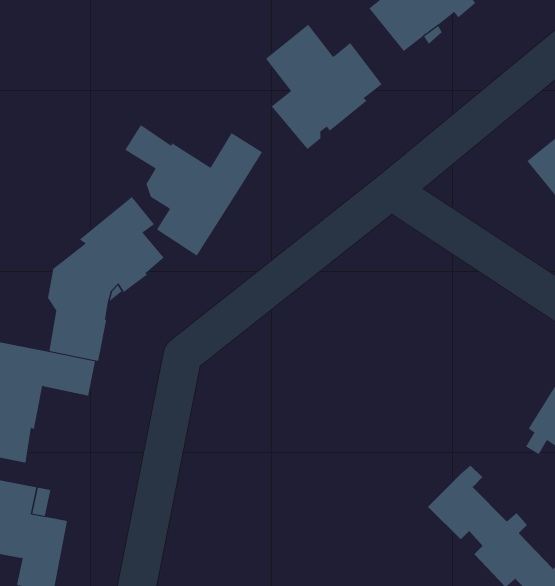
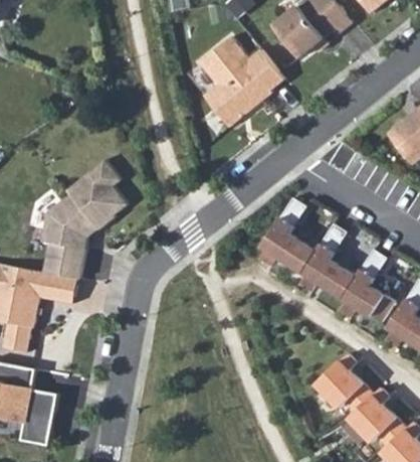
building: [125,124,263,256] -> none
building: none -> [259,199,393,323]

